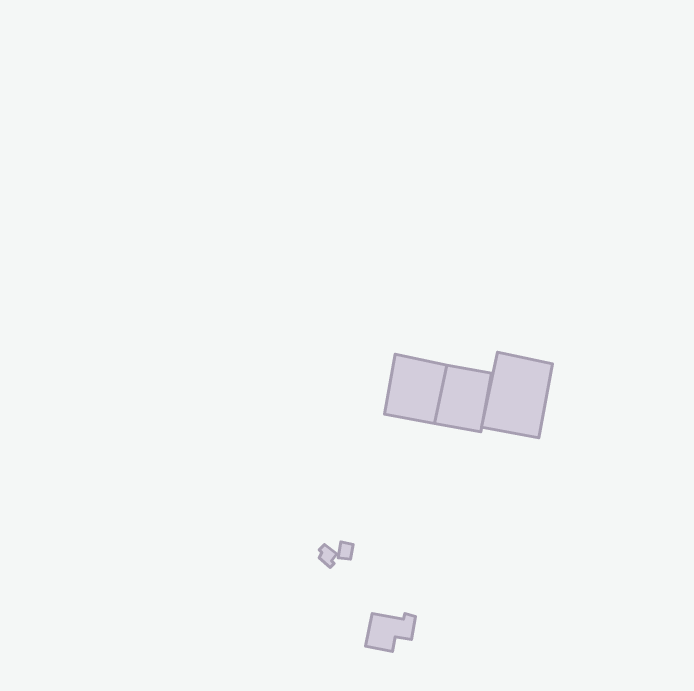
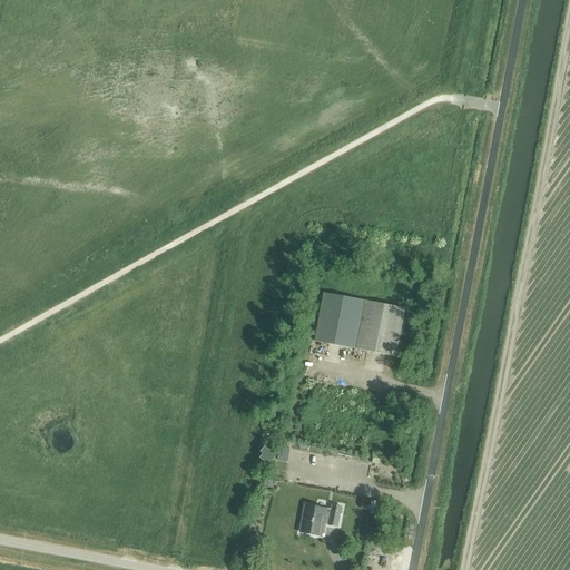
building: [482,352,552,438] -> none

